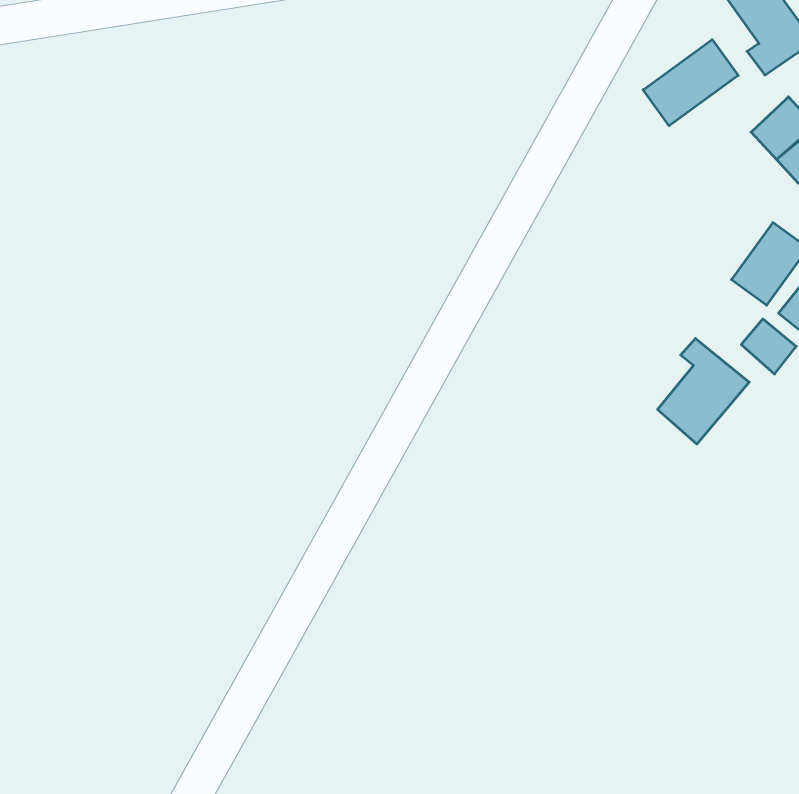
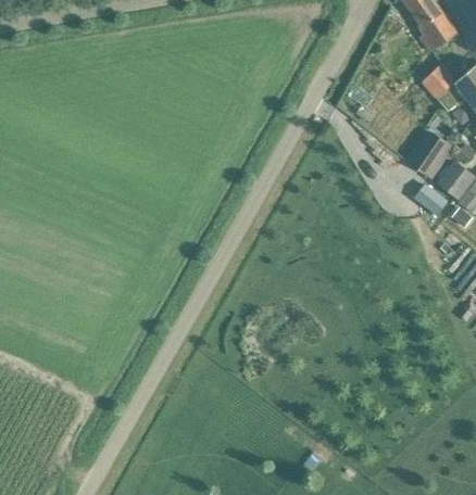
building: [643,40,738,126] -> none
building: [658,338,749,444] -> none

